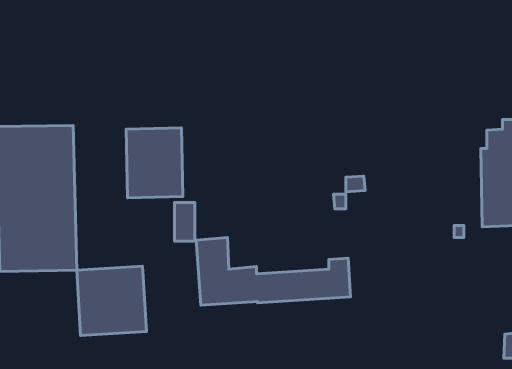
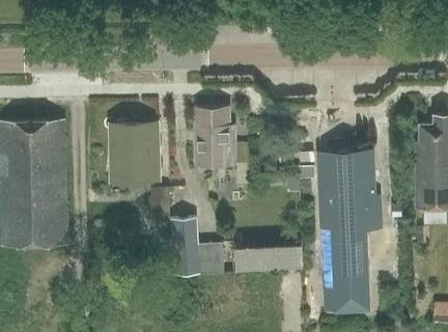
building: none -> [194,107,235,166]
building: none -> [317,149,380,311]
building: [77,266,146,336] -> none

